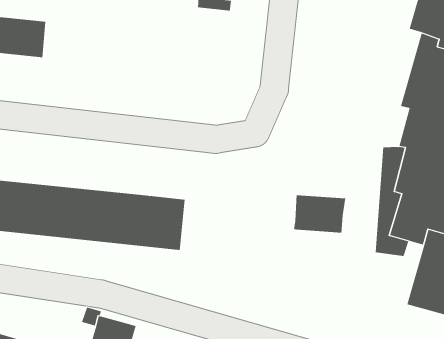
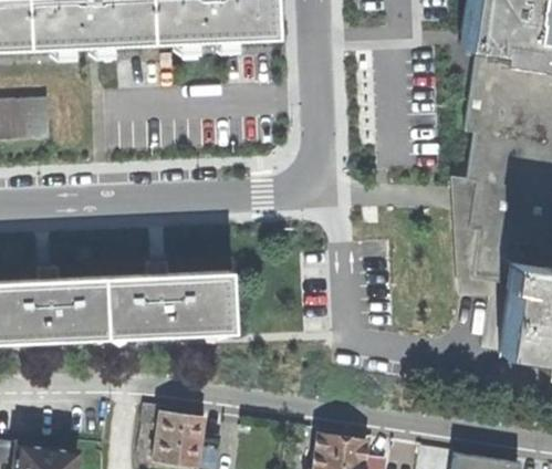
building: [294,194,346,234] -> none

